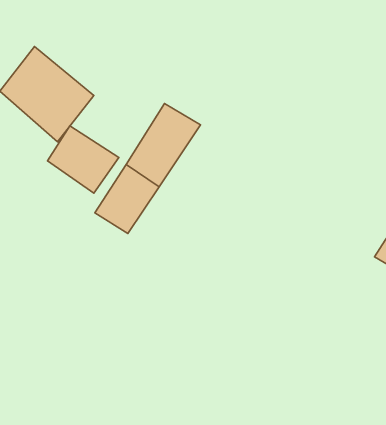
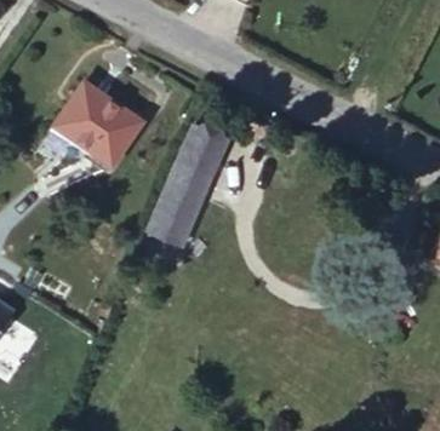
building: [48,126,119,193] -> none

